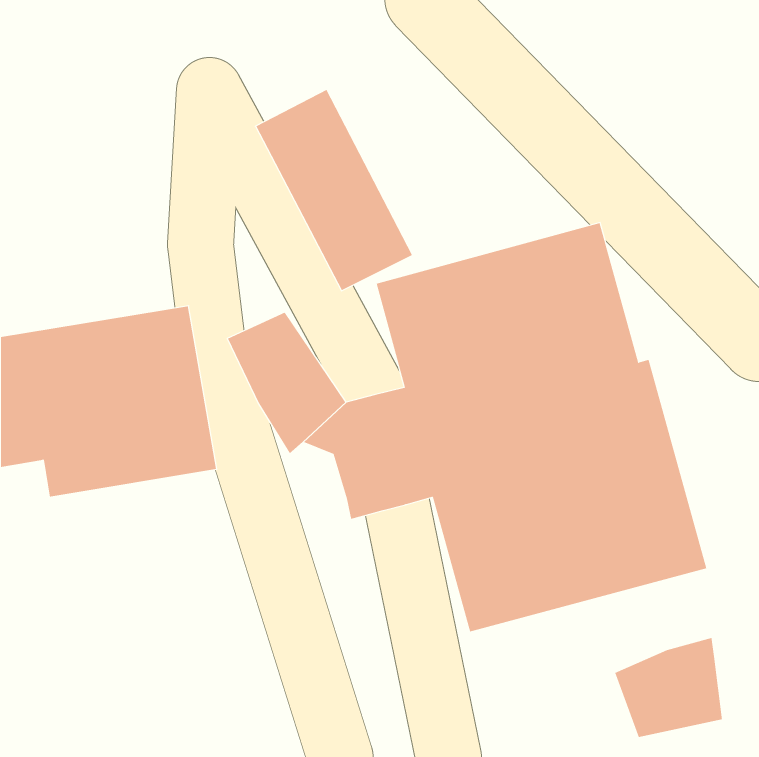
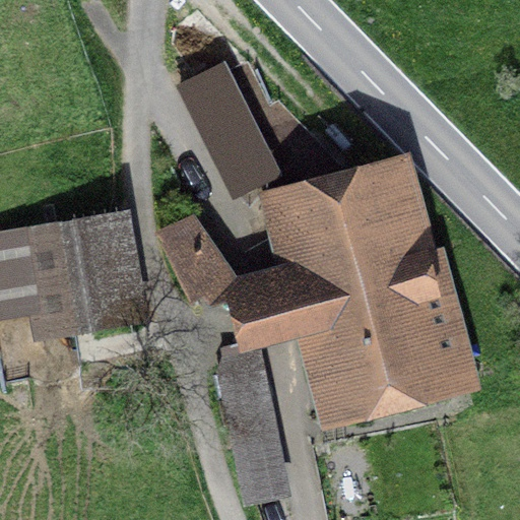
building: none -> [216,341,291,505]
building: [614,637,722,738] -> none

